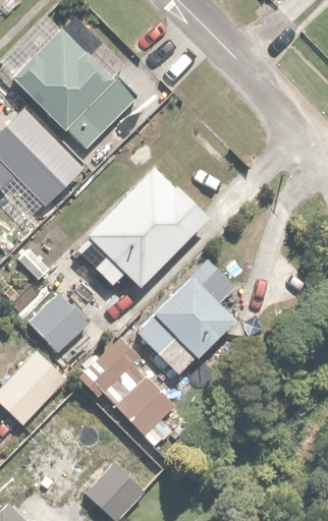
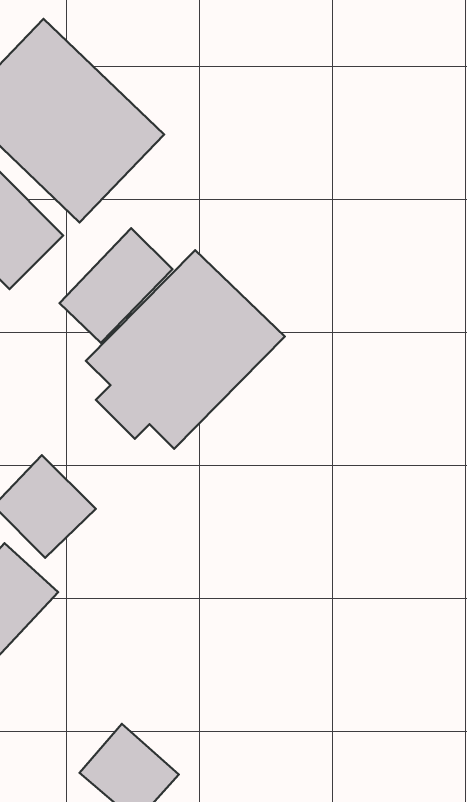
building: none -> [59,228,172,343]
building: [133,262,240,379] -> none
building: [76,335,184,448] -> none

